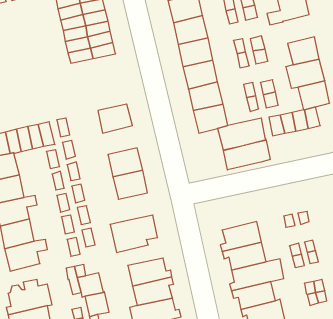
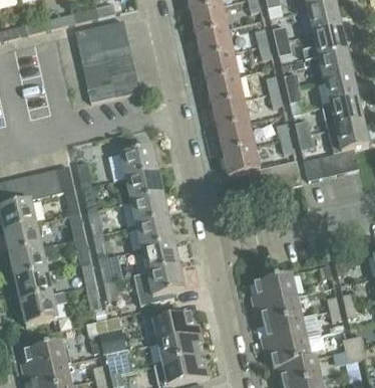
building: none -> [318,48,352,79]
building: none -> [116,168,161,203]
building: [223,140,270,170] -> none
building: none -> [141,240,178,271]

